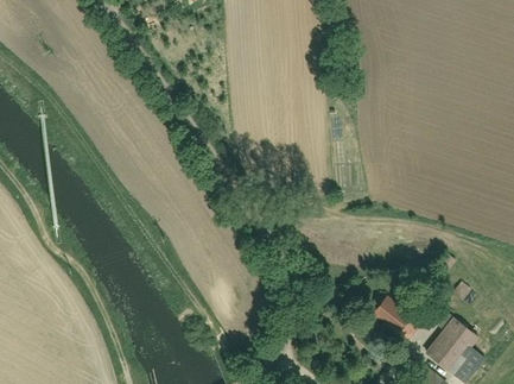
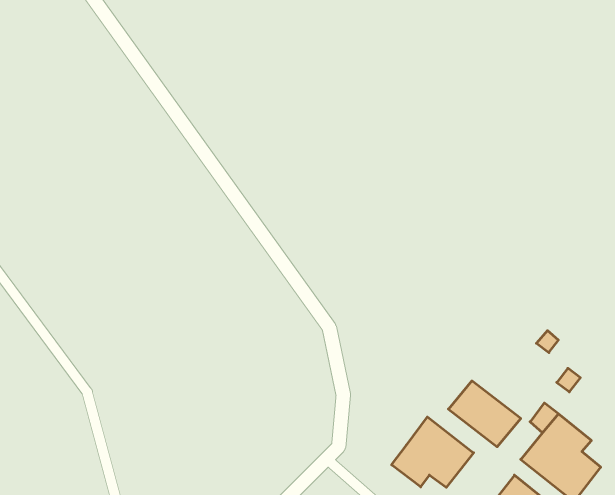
building: none -> [392,417,474,487]

